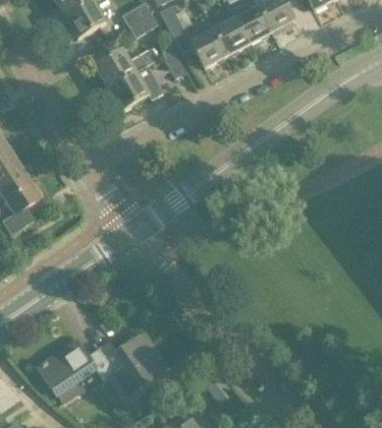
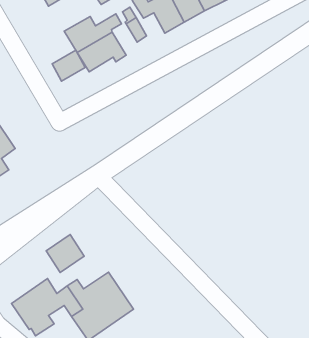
building: none -> [52,50,85,81]
building: none -> [46,234,84,272]

